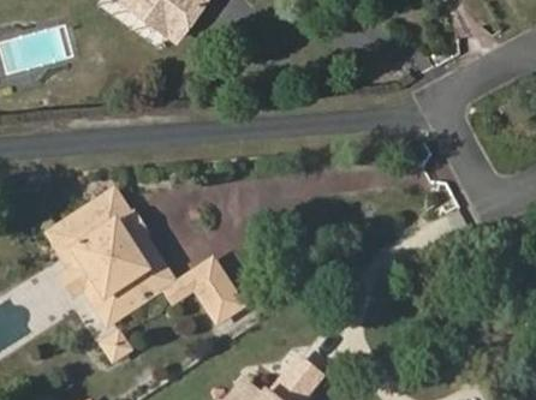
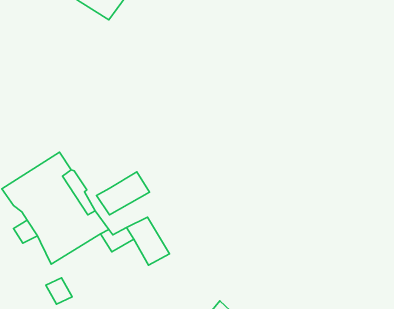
building: none -> [96,172,150,215]

